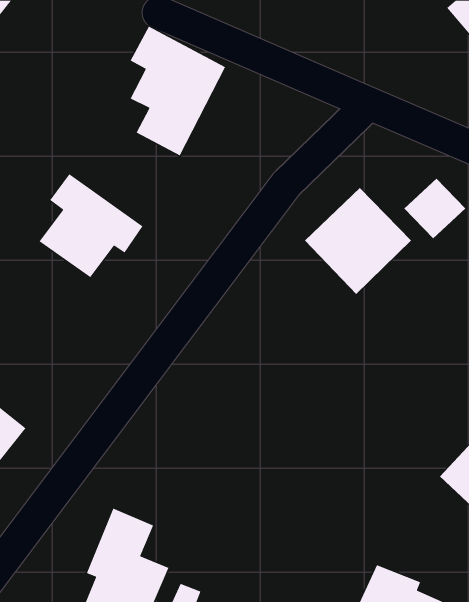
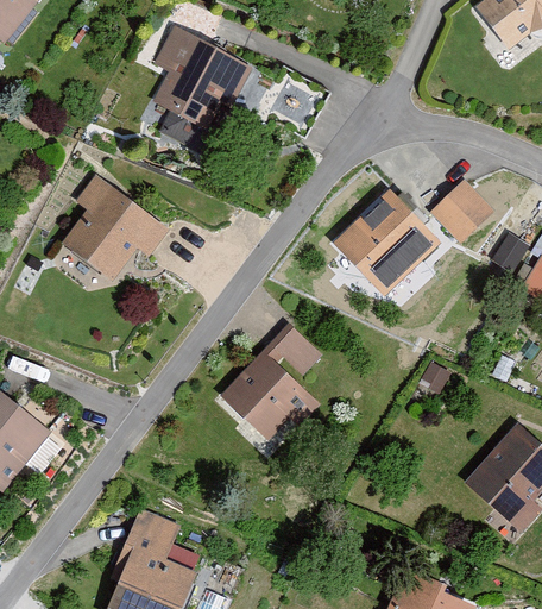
building: none -> [221,326,322,439]

